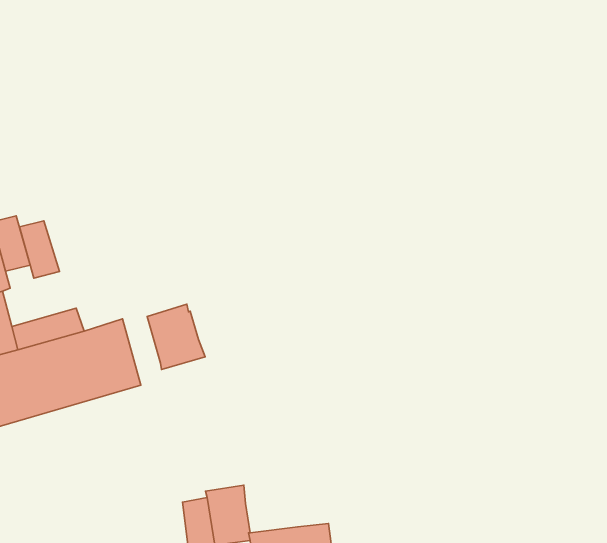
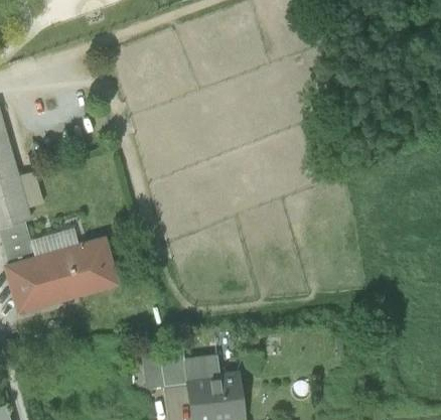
building: [19,221,60,278] -> none
building: [147,304,205,369] -> none
building: none -> [184,358,218,381]

